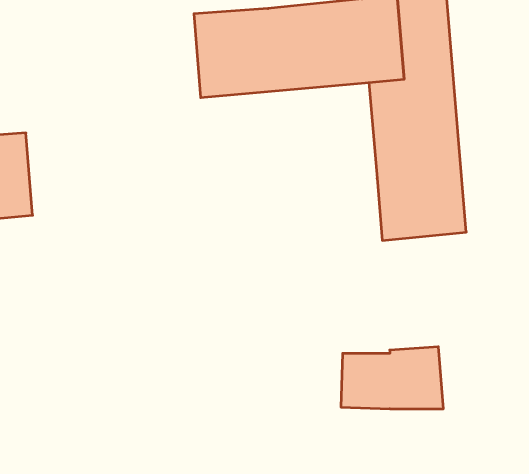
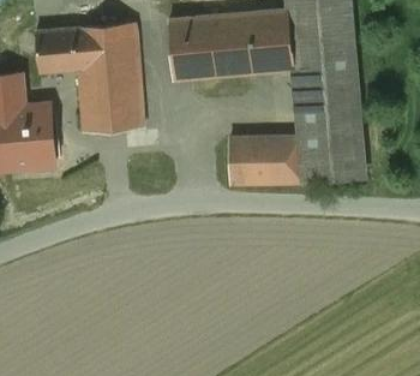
building: none -> [36,22,144,131]
building: [341,347,443,409] -> [230,137,304,181]

